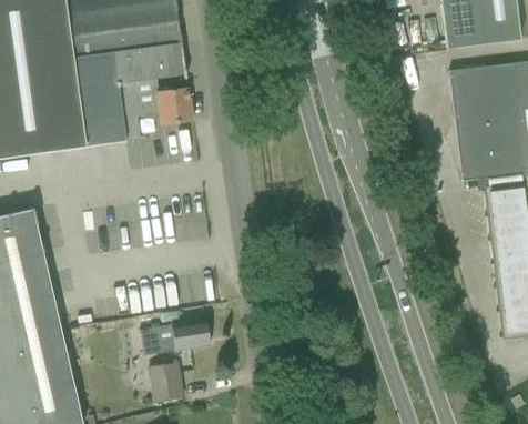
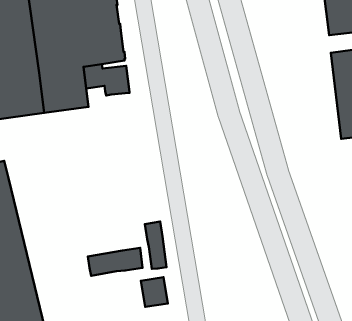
building: none -> [145,221,167,269]
building: [149,362,183,400] -> [141,277,168,307]

